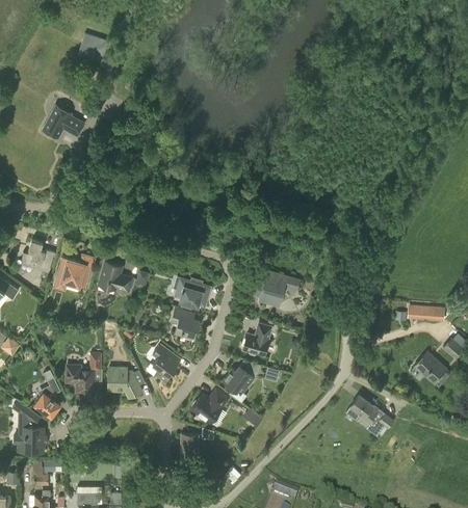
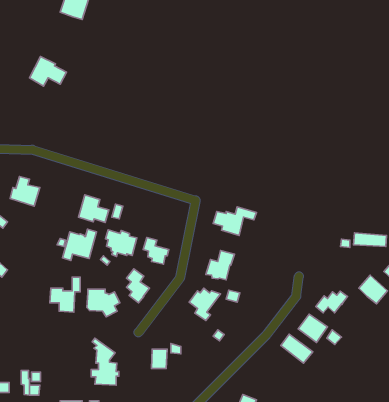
building: [54,255,93,290] -> [62,229,97,260]
building: [174,277,209,308] -> [106,230,137,256]
building: none -> [316,291,347,313]
building: [34,371,60,418] -> none
building: [191,389,228,423] -> none
building: [14,400,45,453] -> [91,338,119,385]
building: none -> [281,334,313,363]

